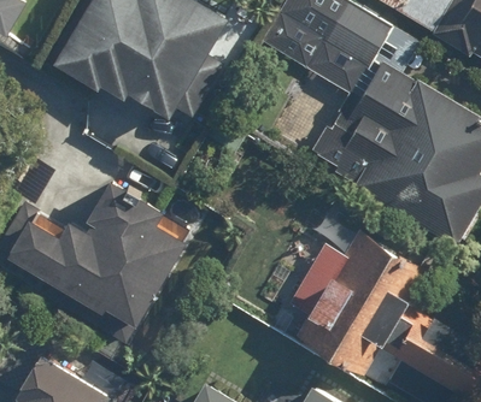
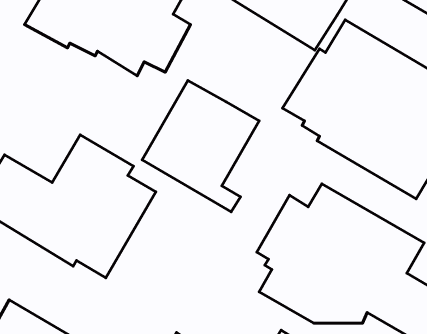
building: none -> [142,80,259,212]

